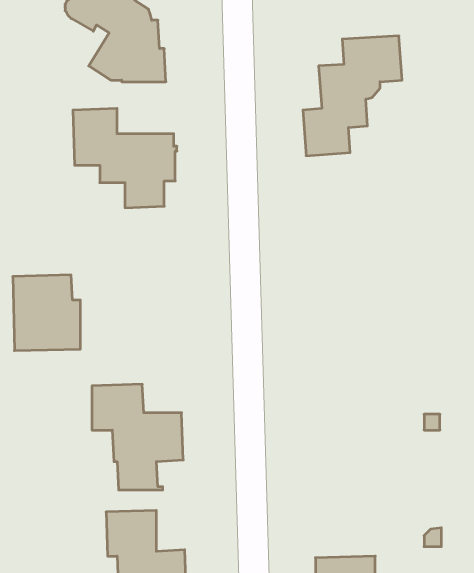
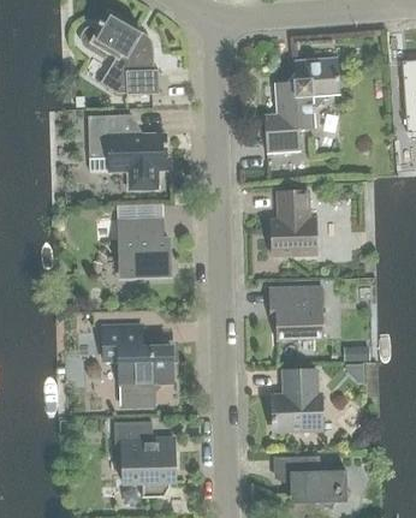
building: none -> [271,190,316,255]
building: [13,275,80,351] -> [117,219,168,276]
building: none -> [268,286,322,339]
building: none -> [272,369,321,431]

